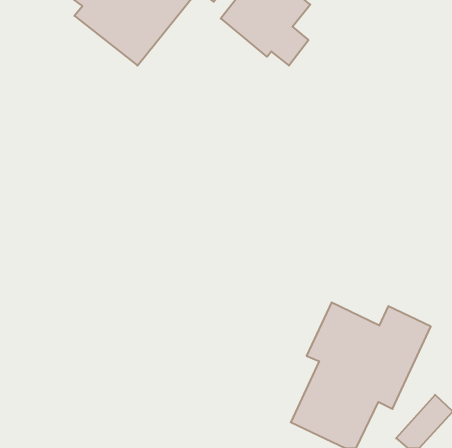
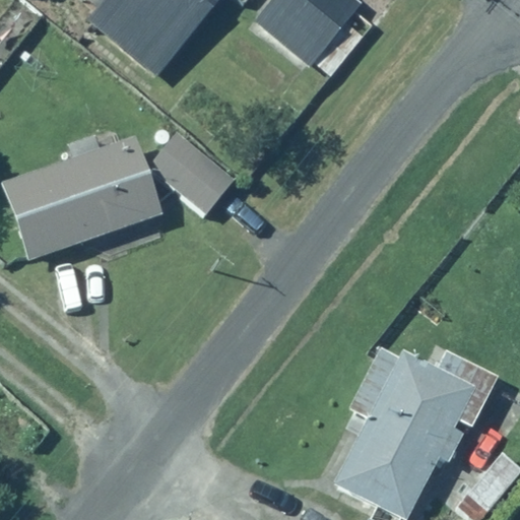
building: none -> [5,131,217,259]

